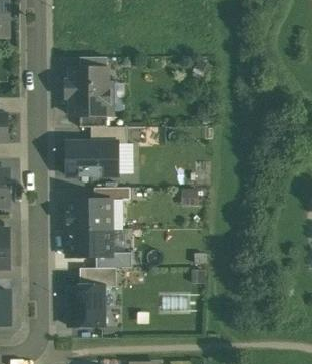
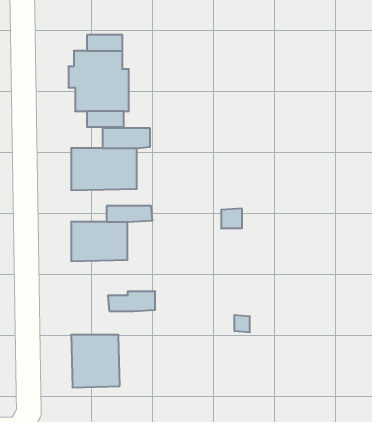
building: [68,229,111,256] -> none
building: [80,268,116,287] -> none

